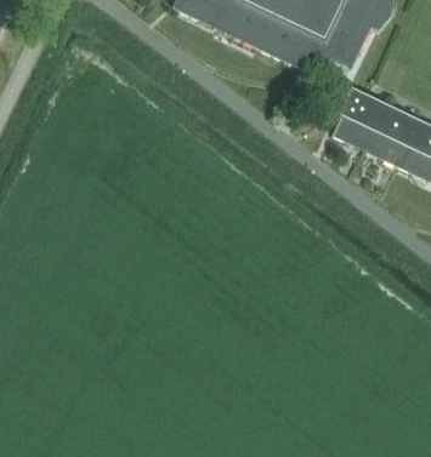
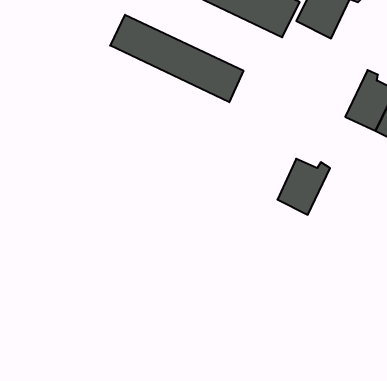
building: none -> [110,15,243,102]
building: [331,90,386,148] -> [277,159,330,215]

